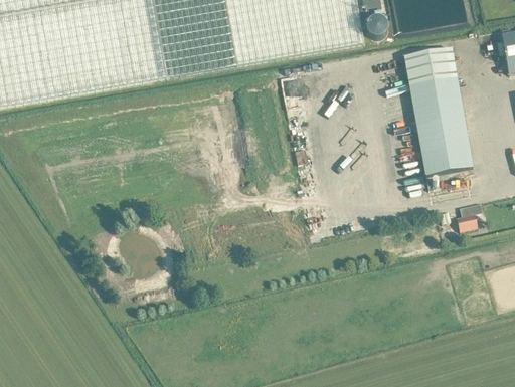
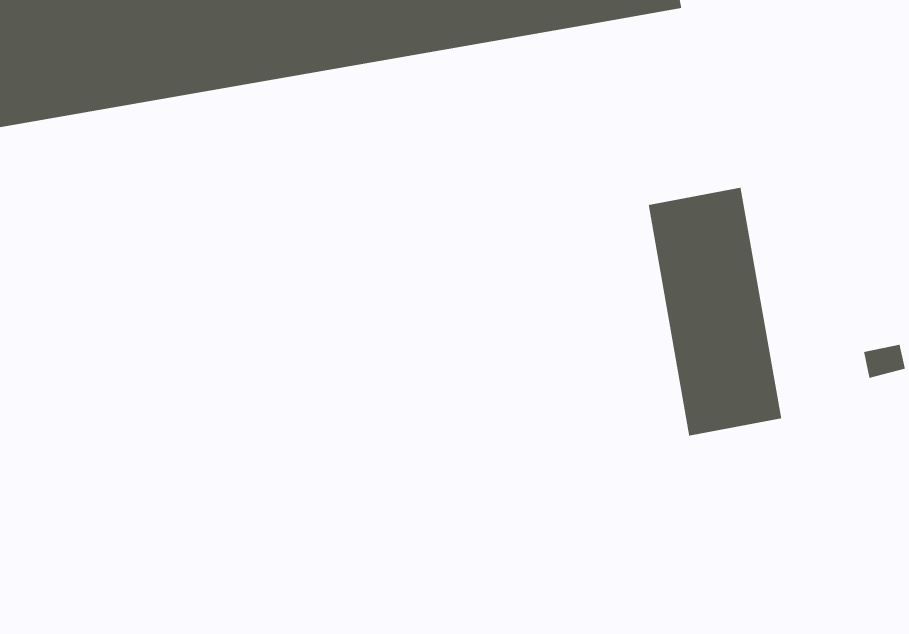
building: [403,45,473,174] -> [648,187,782,436]

